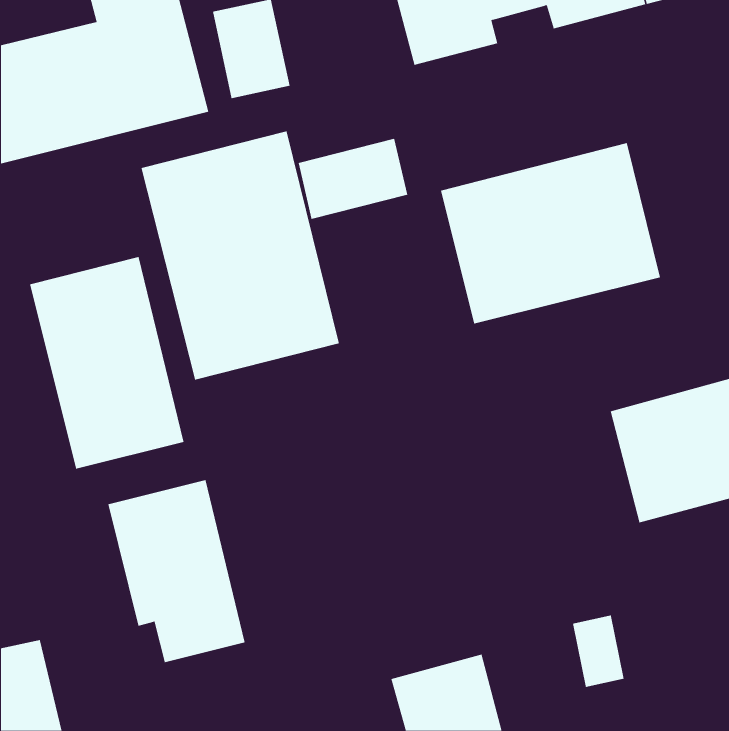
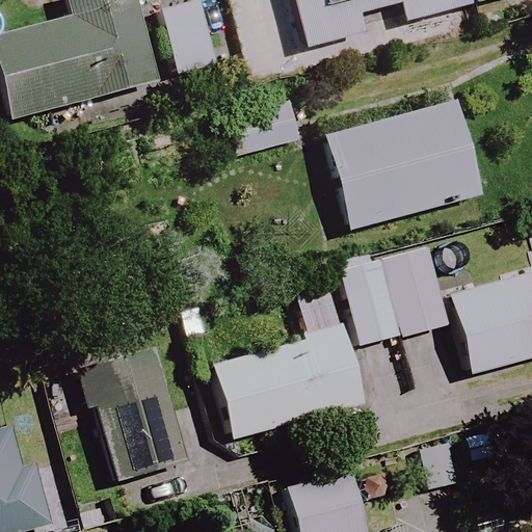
building: [141,130,339,380] -> none
building: [29,256,184,469] -> none
building: none -> [338,242,448,344]
building: none -> [211,281,361,436]

